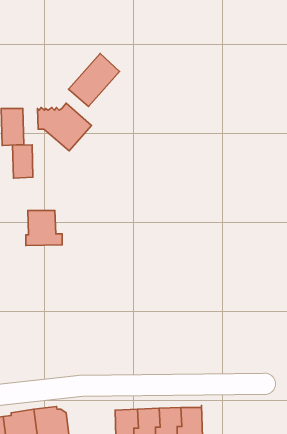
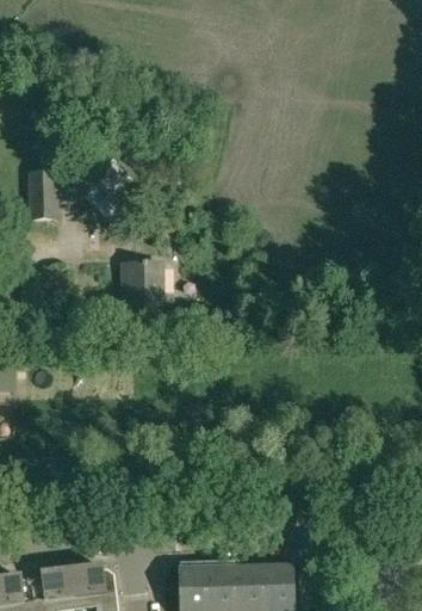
building: [68,54,120,106] -> none
building: [13,145,33,178] -> none
building: [26,210,62,246] -> [124,266,172,313]

